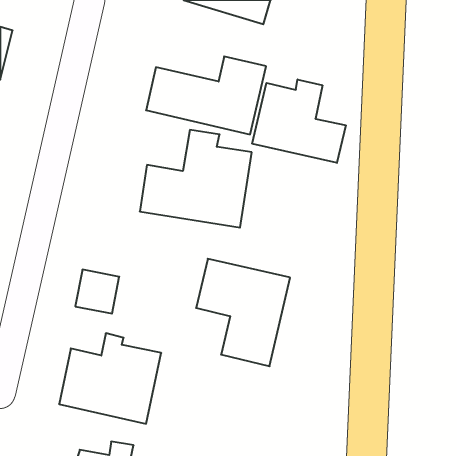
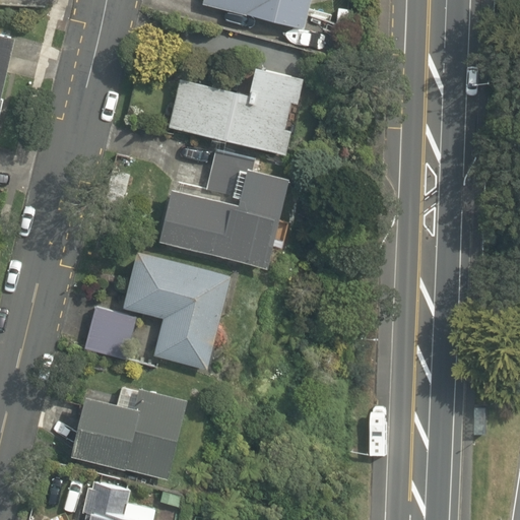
building: [252,79,346,163] -> none
building: [196,259,290,366] -> [124,251,231,373]

